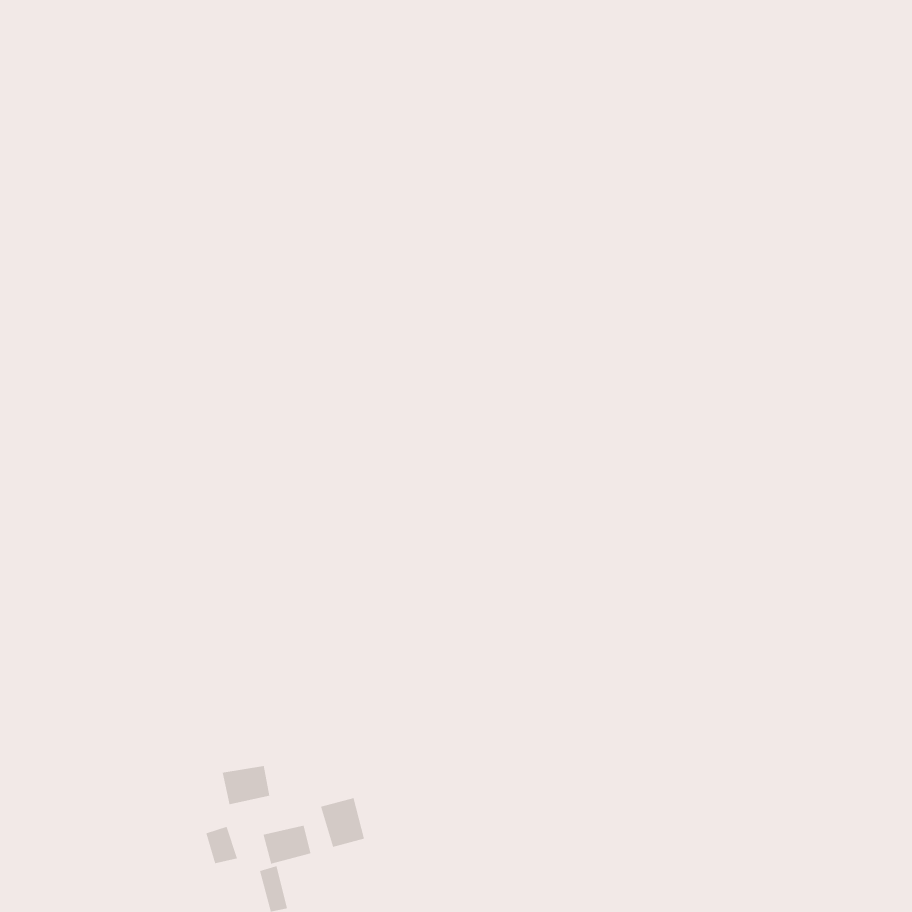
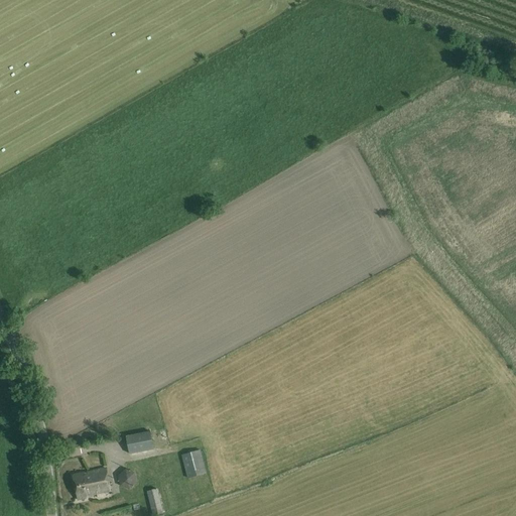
building: [263,825,311,865] -> none
building: none -> [73,468,110,499]

